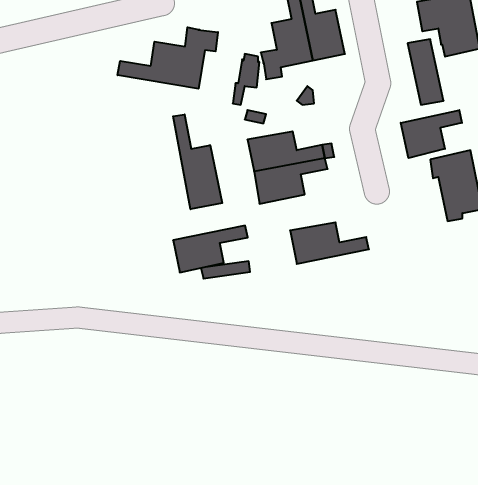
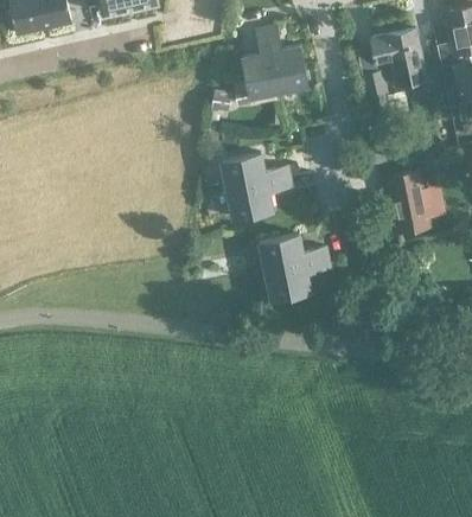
building: [118,27,218,89] -> none
building: [401,110,462,158] -> none
building: [173,114,222,209] -> none
building: [173,226,248,272] -> [266,258,332,300]

